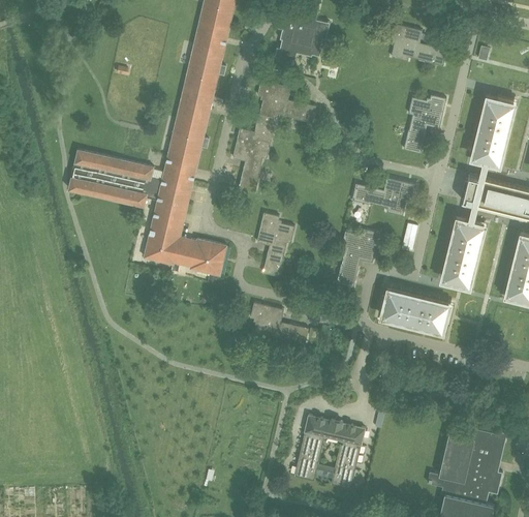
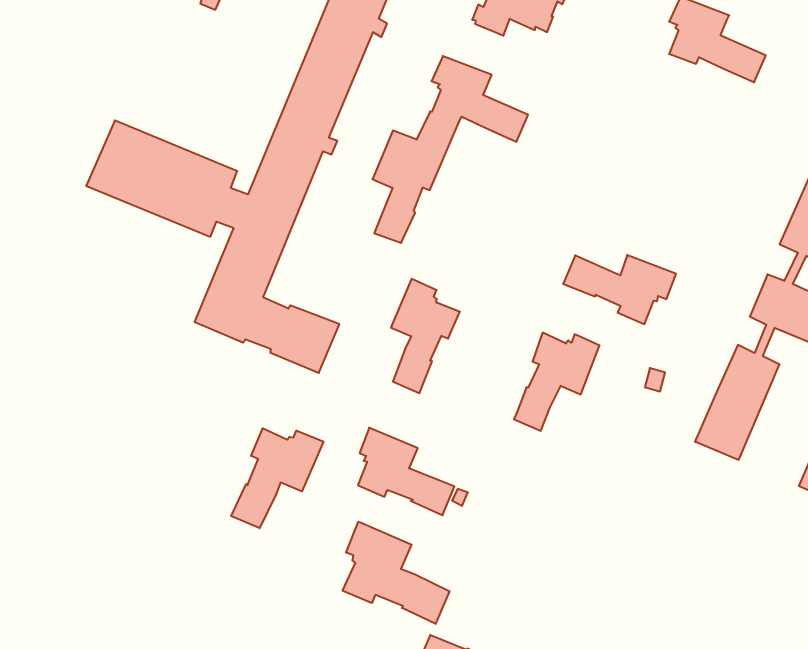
building: [403,95,445,153] -> none
building: [382,290,448,331] -> none
building: none -> [231,428,323,528]
building: none -> [343,522,449,624]

